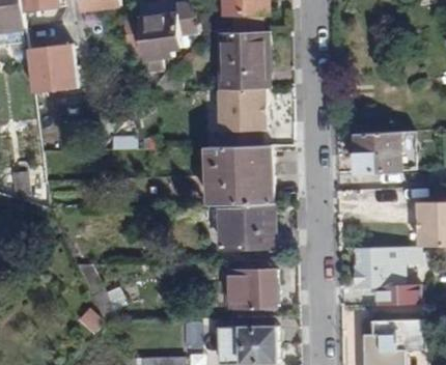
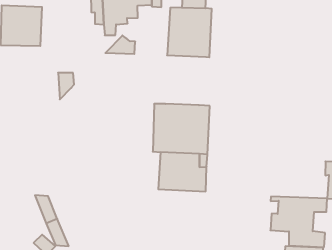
building: [219,89,267,147] -> none
building: [355,131,402,172] -> none
building: [229,272,276,306] -> none

